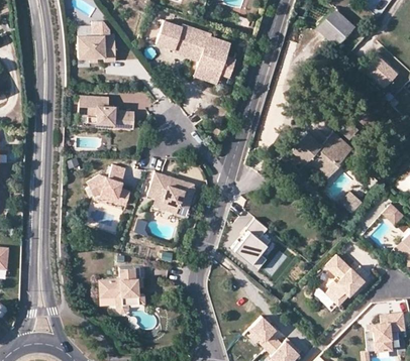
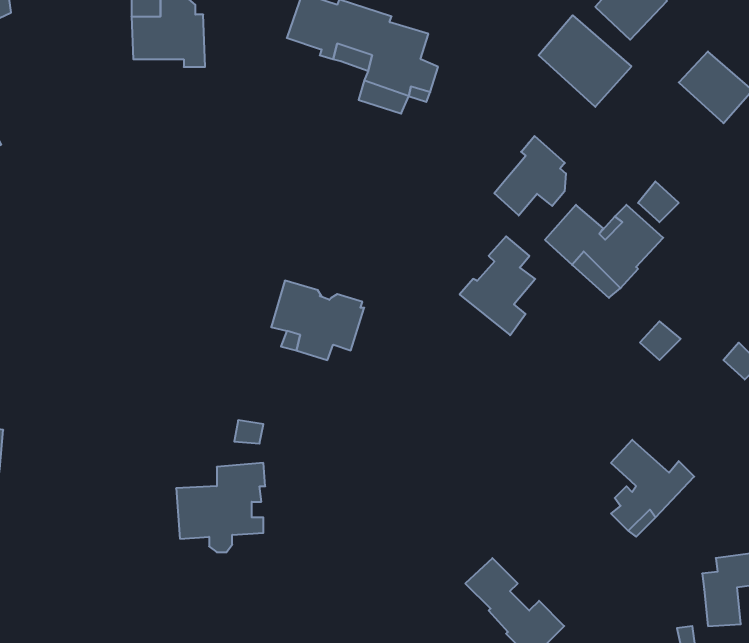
building: none -> [539,15,631,107]
building: [74,95,131,127] -> none
building: none -> [494,136,566,216]
building: [86,165,130,206] -> none
building: [231,218,271,269] -> [460,236,535,335]

